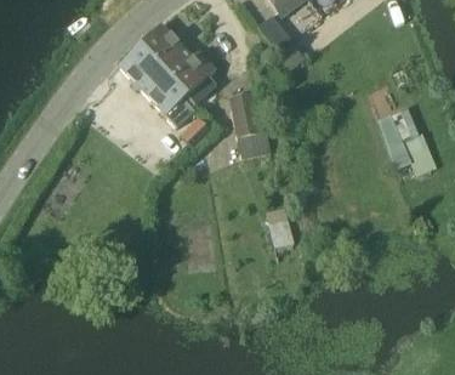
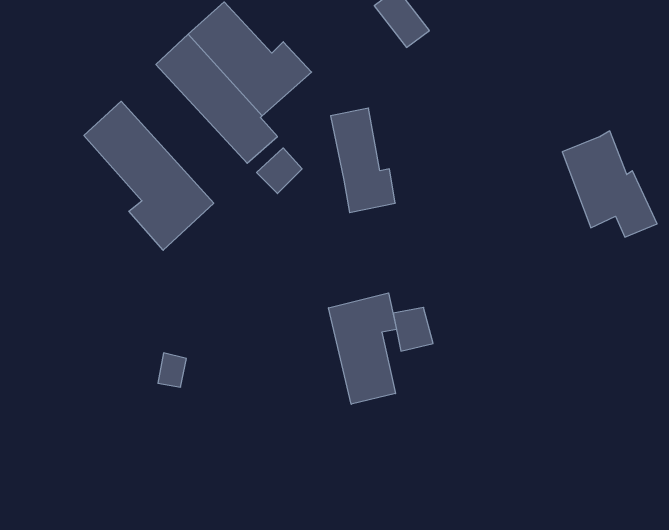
building: none -> [84,101,214,250]
building: none -> [329,293,397,404]

